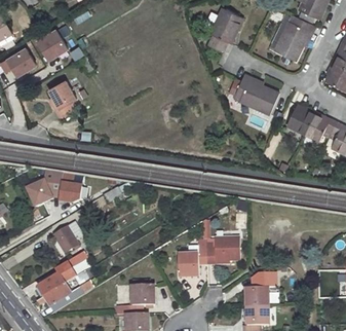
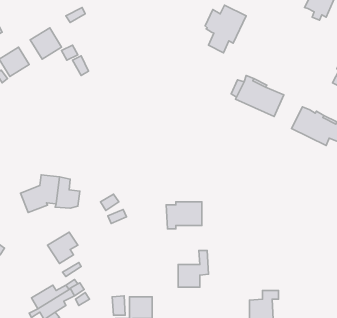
building: [268,15,314,61] -> none
building: [47,80,75,116] -> none
building: [205,237,239,263] -> [166,202,202,229]

